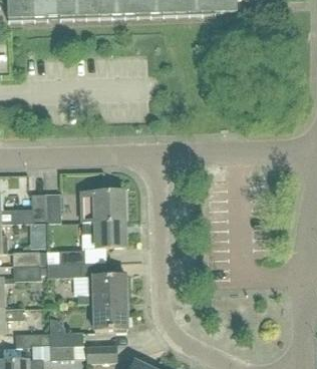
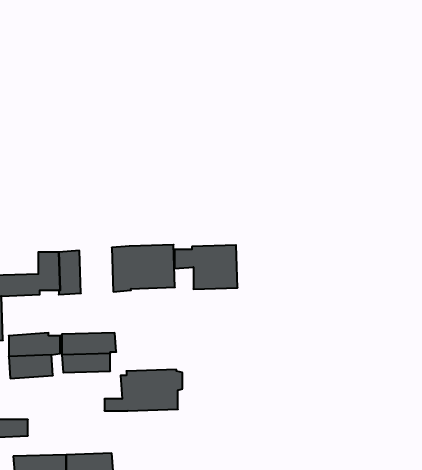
building: [83,218,126,248] -> [174,245,238,289]
building: [93,301,128,332] -> none

